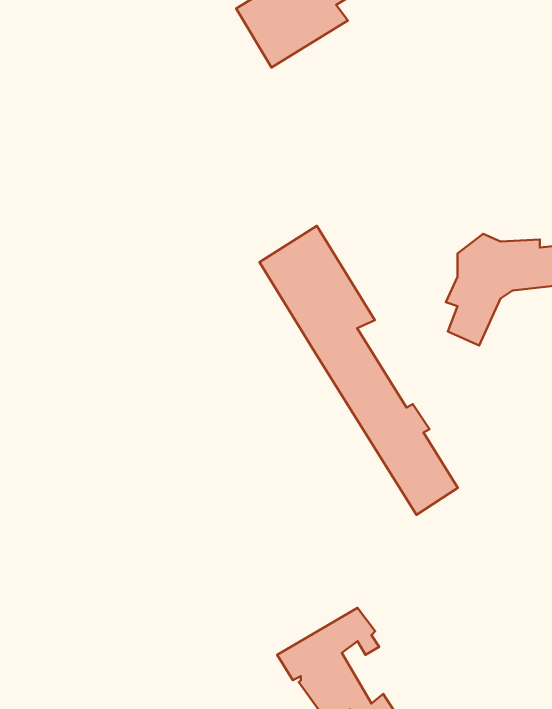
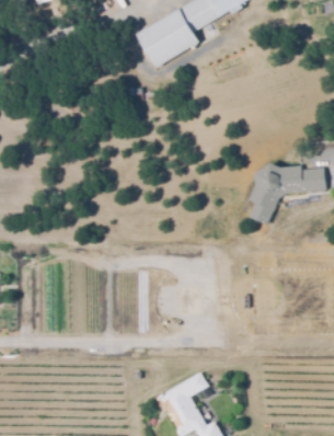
building: [260,226,458,515] -> none

